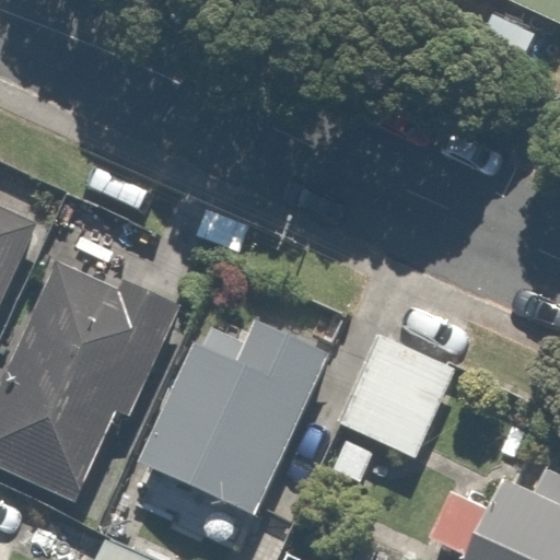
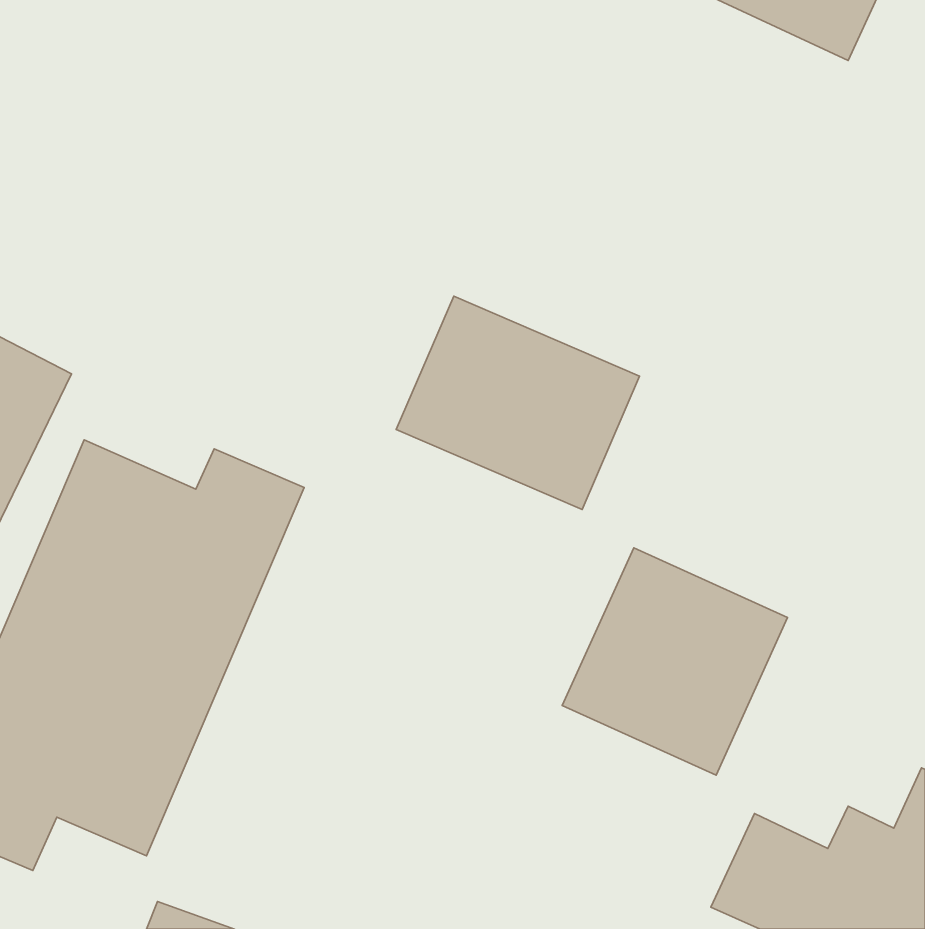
building: none -> [396,296,640,510]
building: [138,319,327,514] -> none

